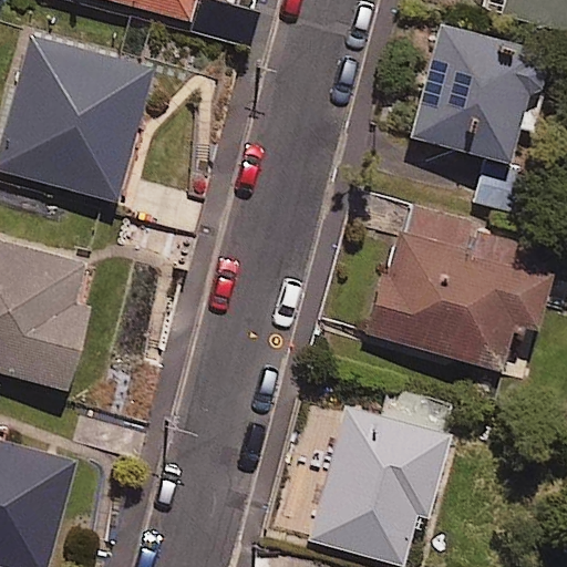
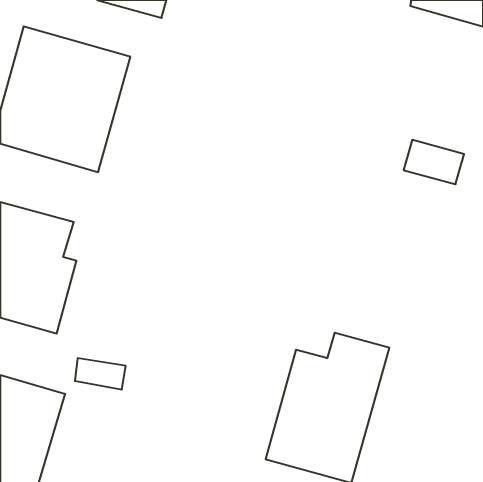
building: [412,27,542,165] -> none
building: [372,205,553,373] -> none

